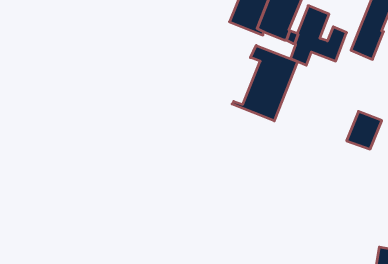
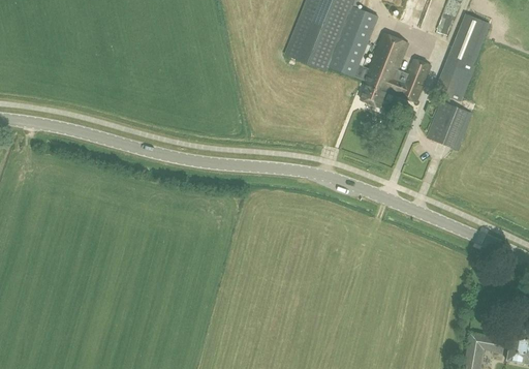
building: [232,45,298,121] -> none
building: [347,111,382,149] -> [428,101,471,148]

